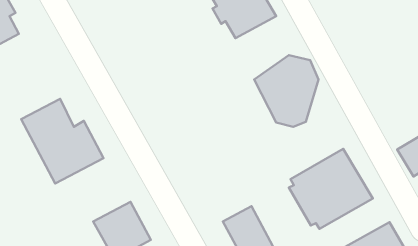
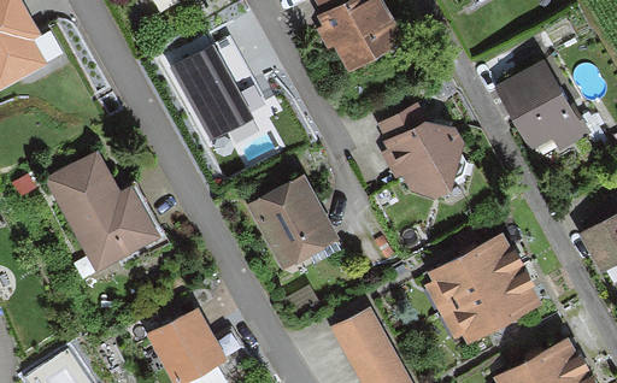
building: none -> [171,43,255,142]
building: none -> [494,58,593,153]
building: none -> [246,167,333,259]

